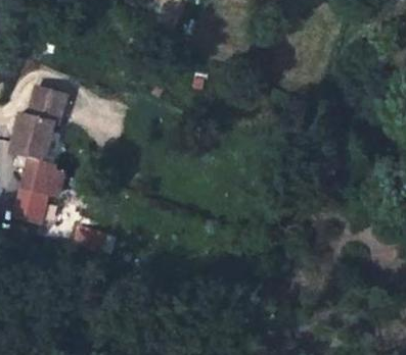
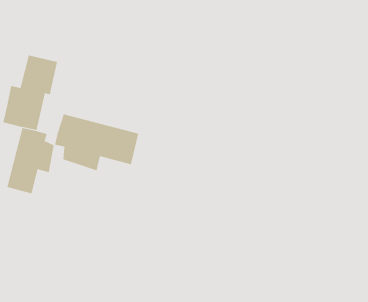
building: none -> [55,114,139,171]

